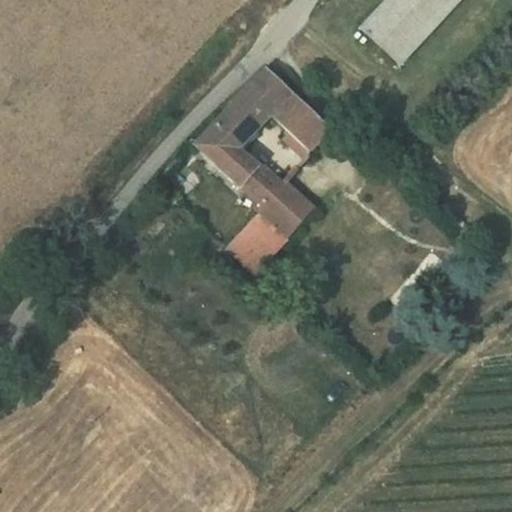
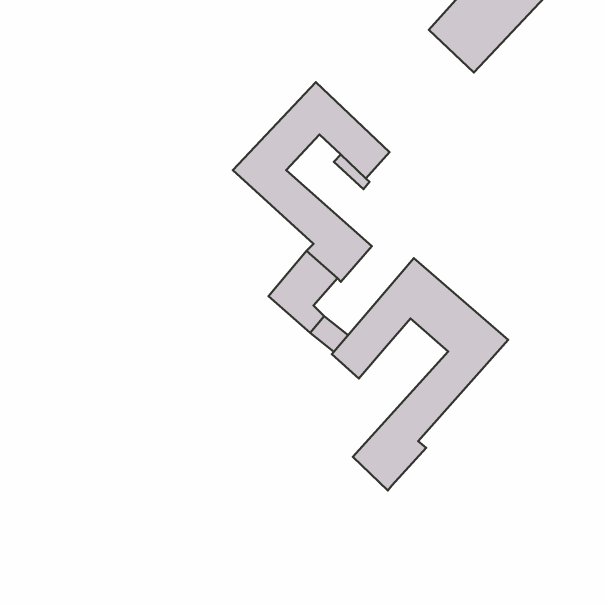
building: none -> [332,258,508,490]

